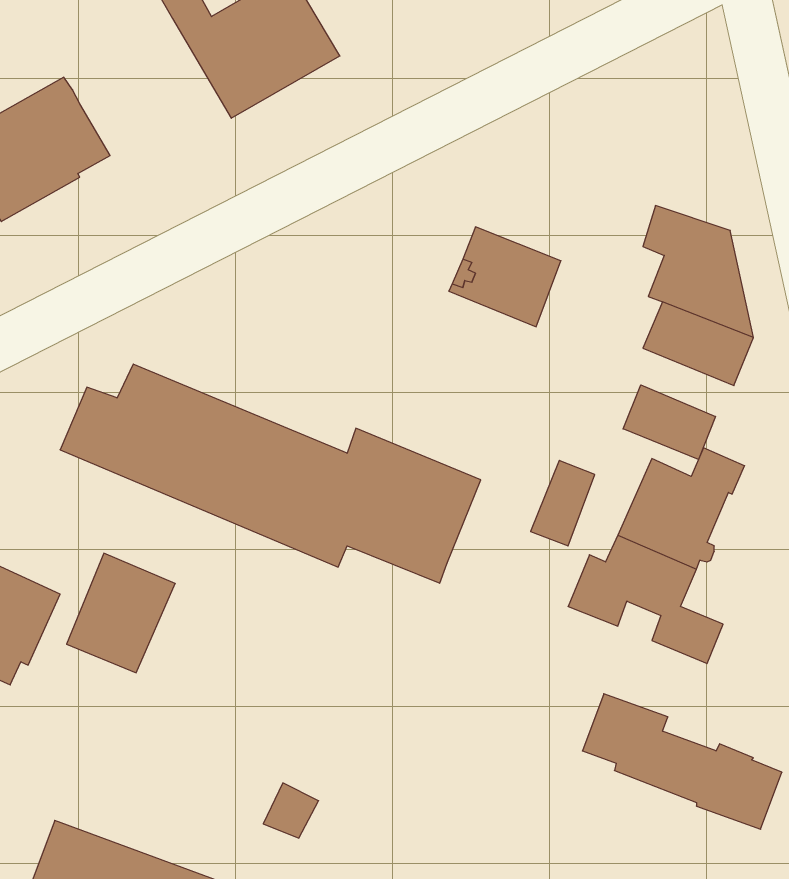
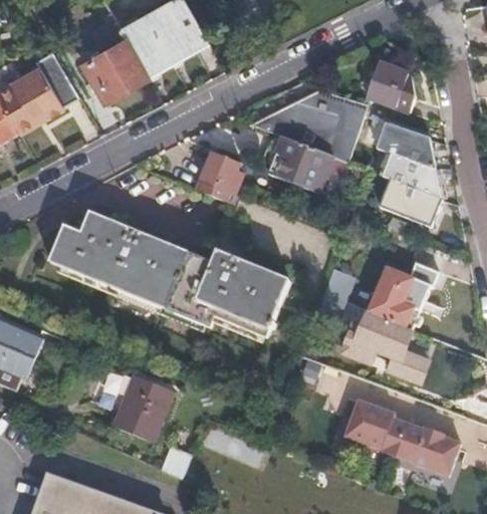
building: none -> [82,19,148,100]
building: none -> [368,63,414,109]
building: none -> [253,90,366,160]
building: none -> [199,152,243,202]
building: [623,385,715,459] -> none
building: [67,553,175,673] -> [118,378,180,446]

